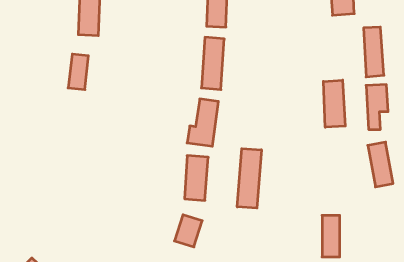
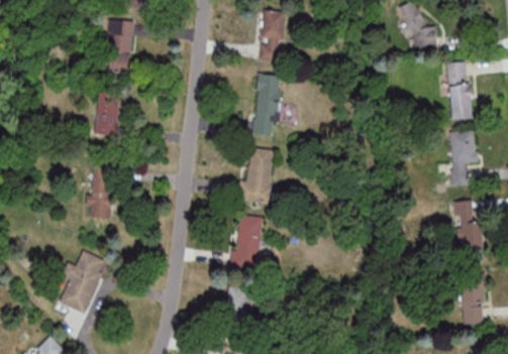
building: [323,80,345,127] -> none
building: none -> [90,165,112,218]
building: [237,149,261,208] -> none
building: none -> [60,250,106,313]
building: [322,215,340,257] -> [463,273,484,323]

